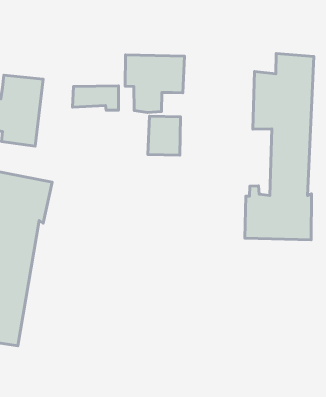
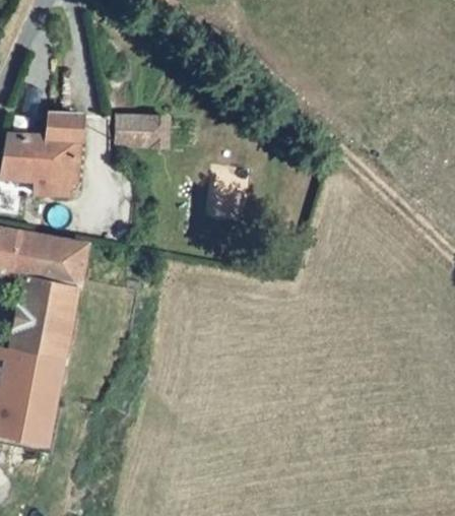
building: [245,54,314,240] -> none
building: [125,55,184,112] -> none

